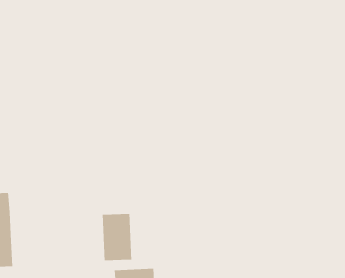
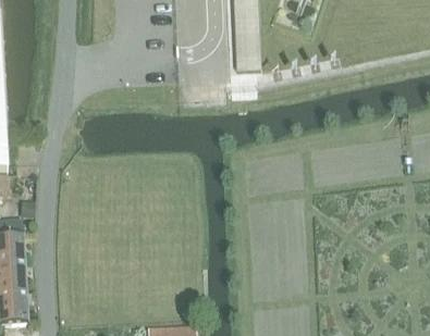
building: [102,213,132,261] -> none

